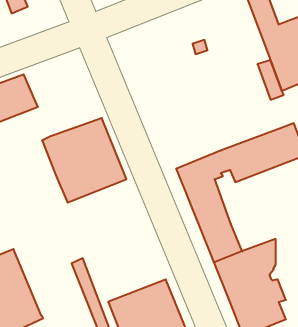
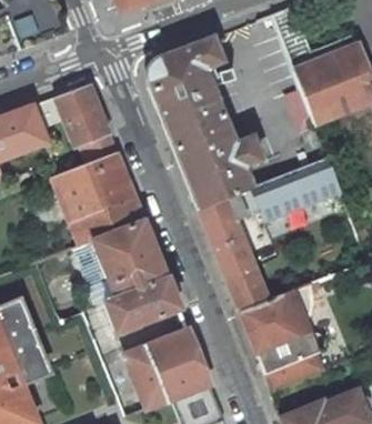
building: none -> [151,36,263,208]
building: none -> [56,82,119,162]
building: none -> [77,219,181,331]

